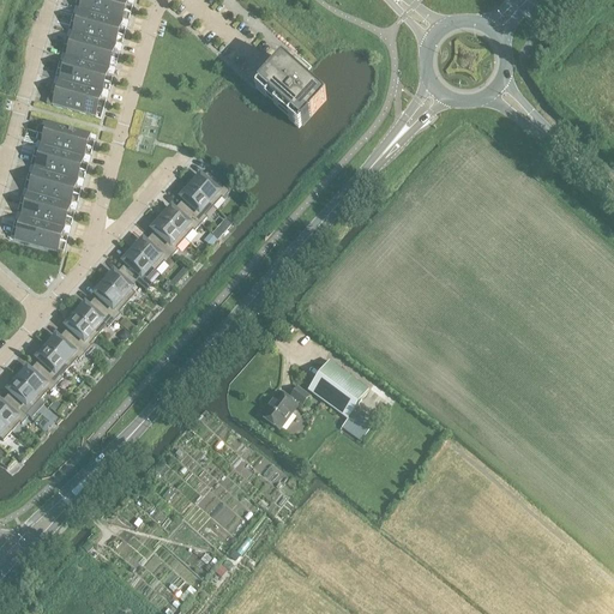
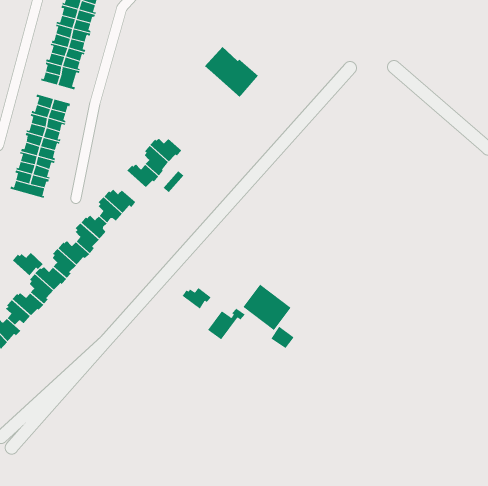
building: [151,213,182,253] -> none
building: none -> [12,252,43,276]
building: none -> [182,287,211,309]

